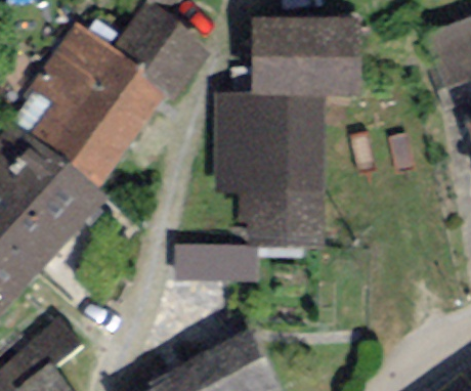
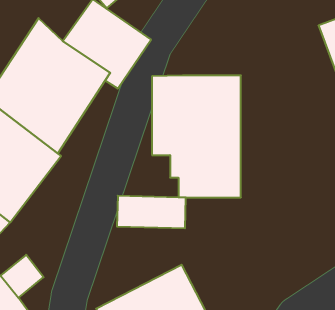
building: [250,15,359,94] -> none

